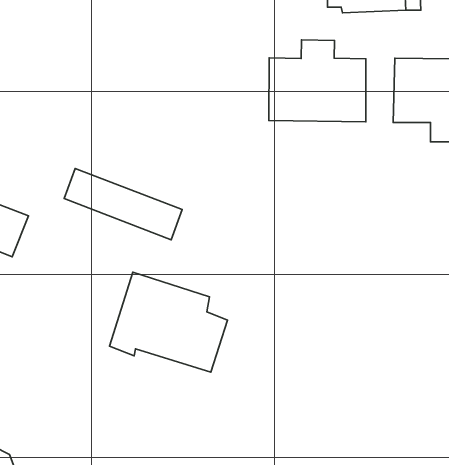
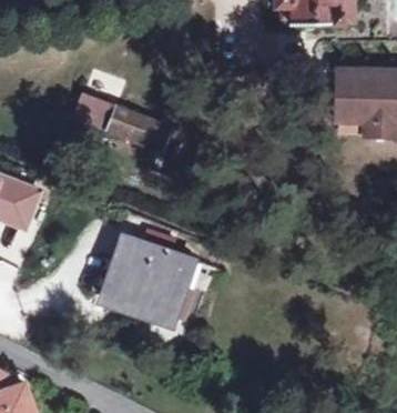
building: [269,40,366,122] -> none
building: [64,168,182,240] -> [75,97,171,154]

